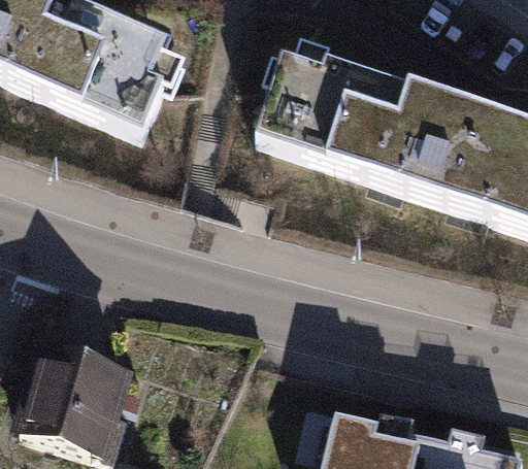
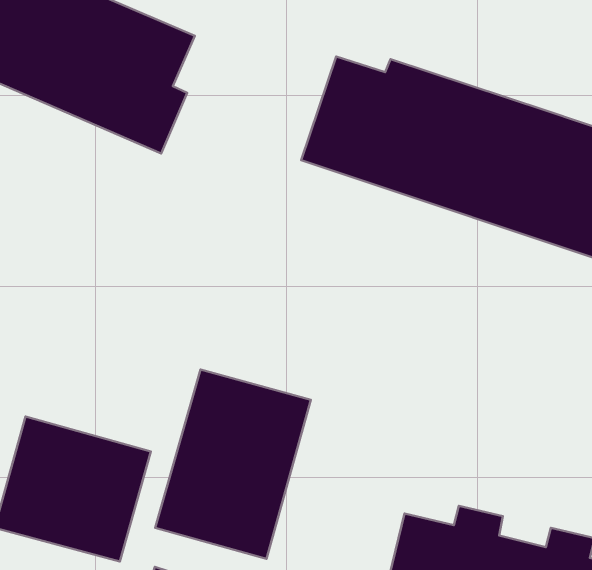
building: none -> [155,370,311,559]

